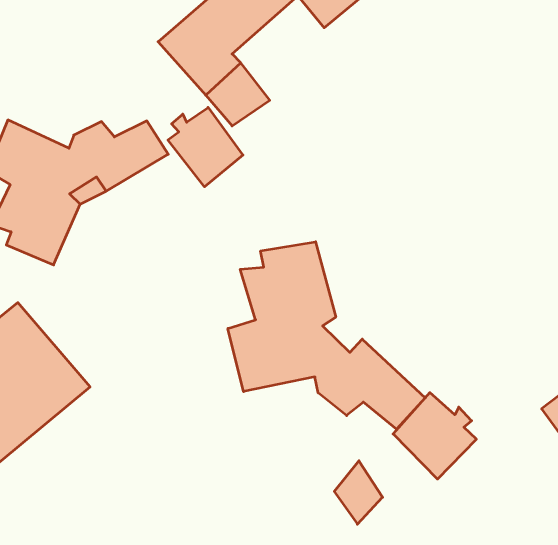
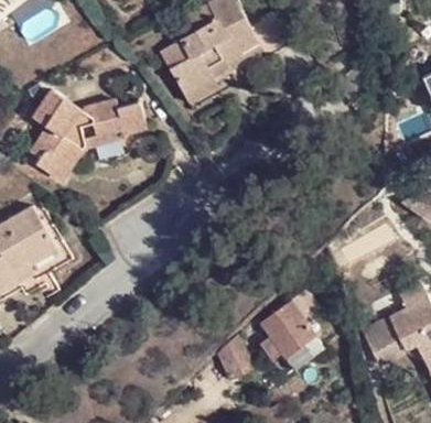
building: [168,107,243,187] -> none
building: [228,242,425,429] -> none

